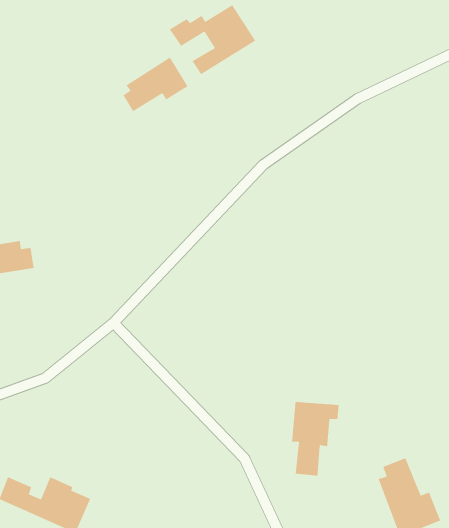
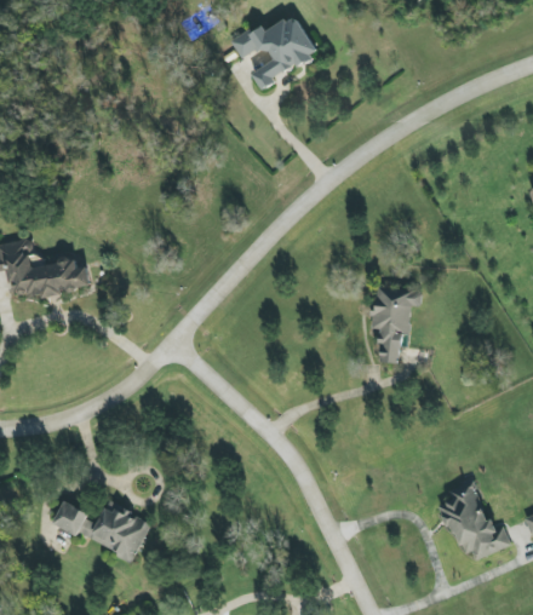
building: [122,57,188,112] -> none
building: [291,401,339,477] -> [372,286,422,363]

